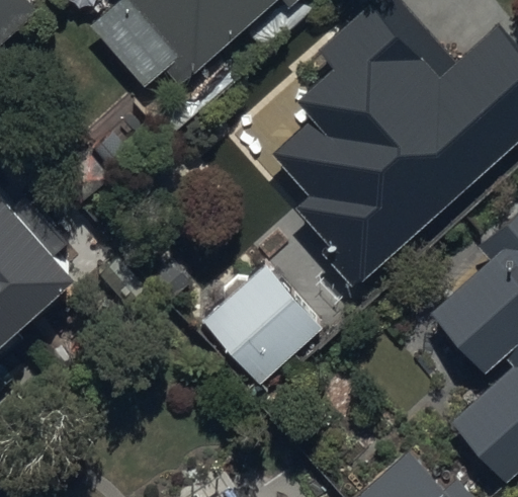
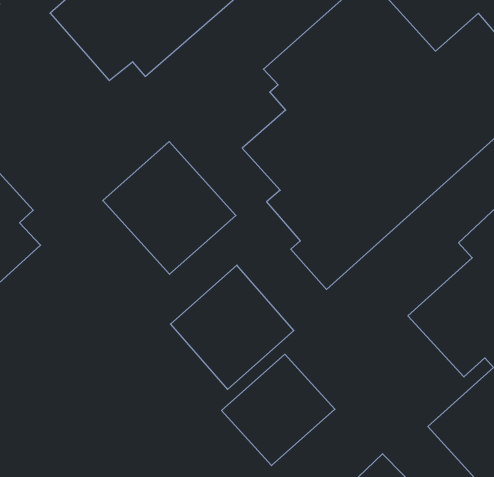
building: none -> [103,142,236,274]
building: none -> [222,354,335,466]

